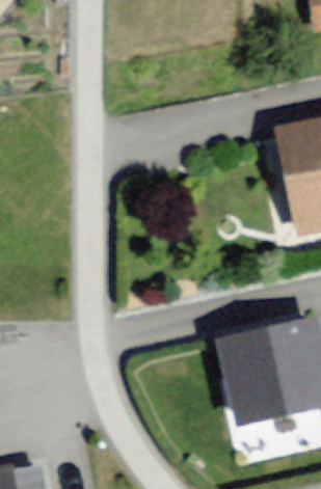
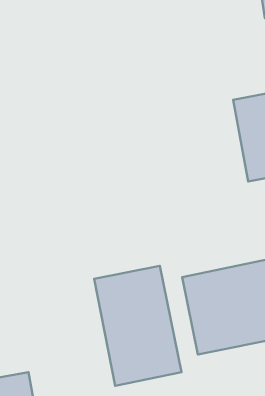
building: none -> [94,266,181,386]

